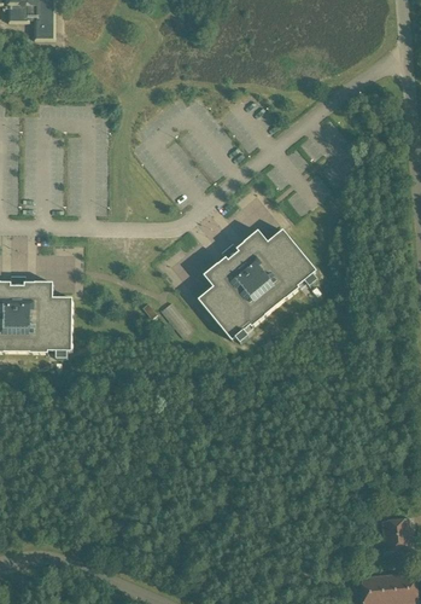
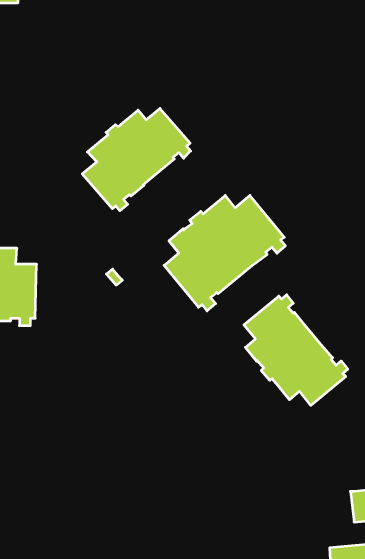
building: none -> [82,108,191,211]
building: none -> [244,295,348,405]

